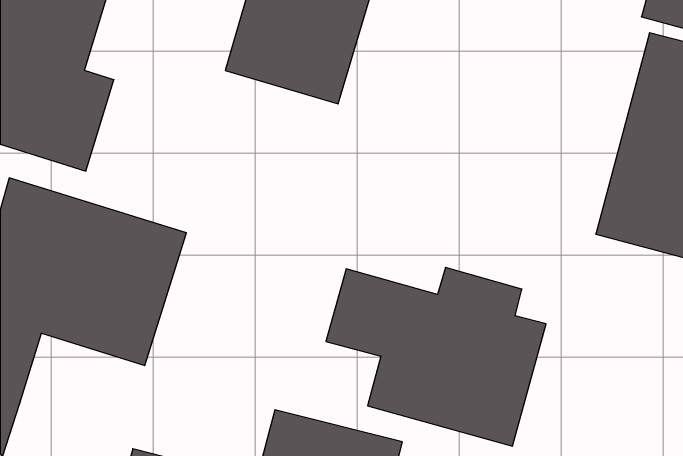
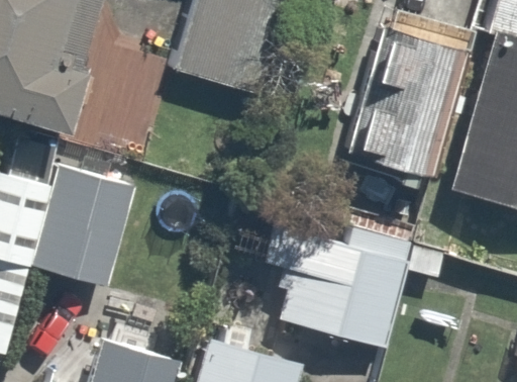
building: none -> [364,32,463,180]

